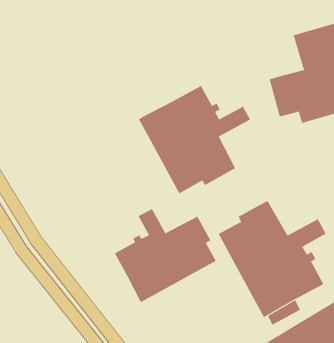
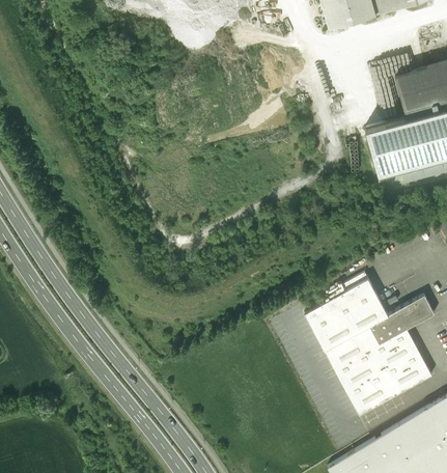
building: [138,85,251,194] -> none
building: [114,208,217,303] -> none

